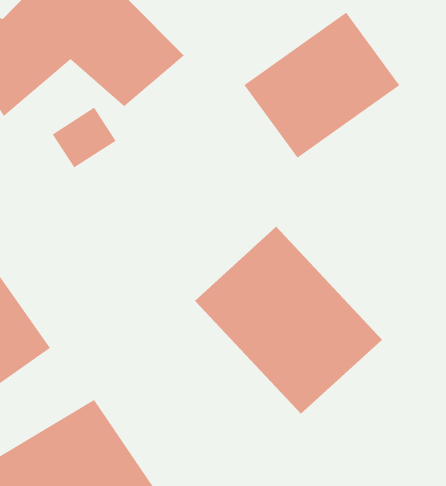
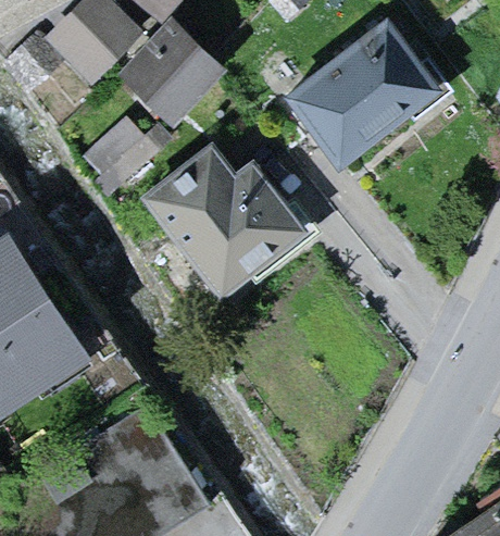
building: none -> [142,137,311,312]
building: [194,226,383,415] -> none

